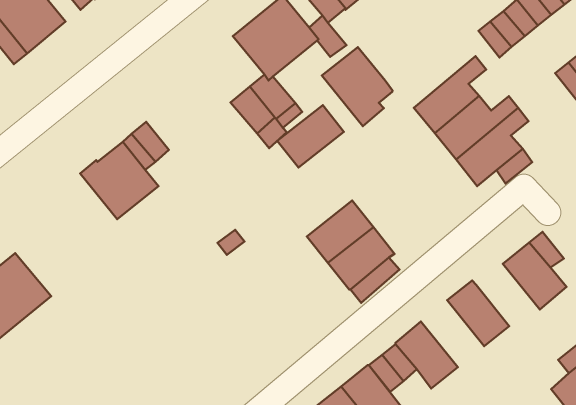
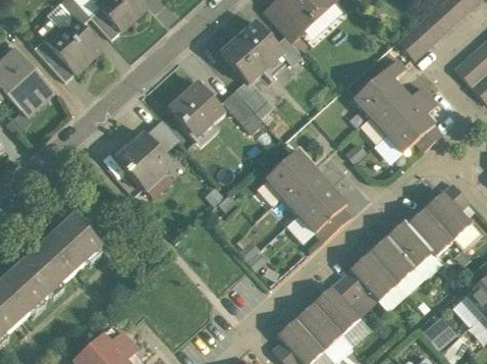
building: [322,47,392,126] -> none
building: none -> [168,85,221,134]
building: [277,105,344,167] -> [265,150,313,196]
building: none -> [405,208,452,256]
building: none -> [367,237,414,284]

